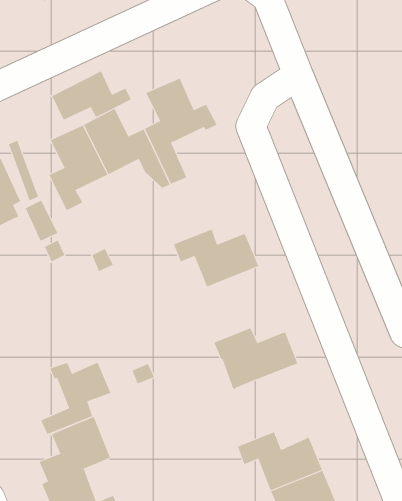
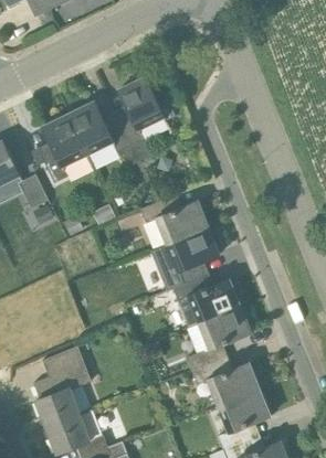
building: [51,70,131,120] -> none
building: none -> [166,227,219,288]
building: [41,362,111,435] -> none
building: none -> [185,305,250,371]

